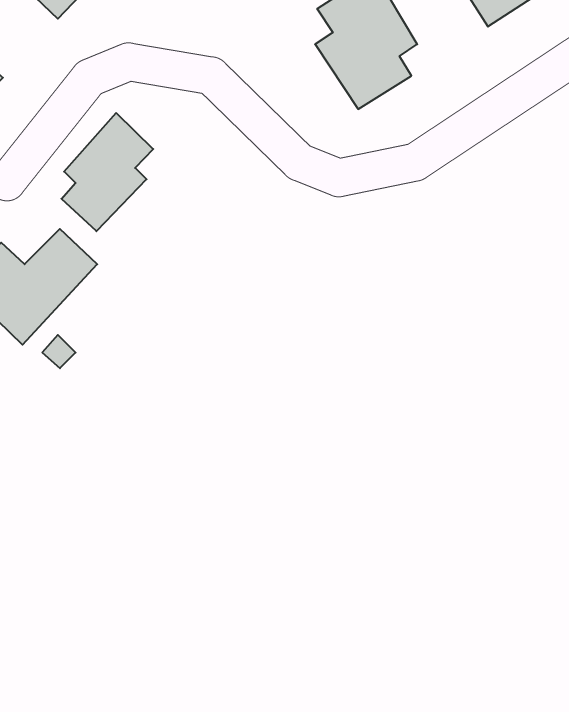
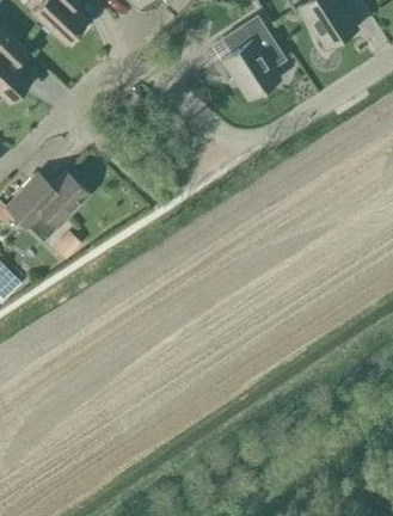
building: [61,113,153,231] -> none

